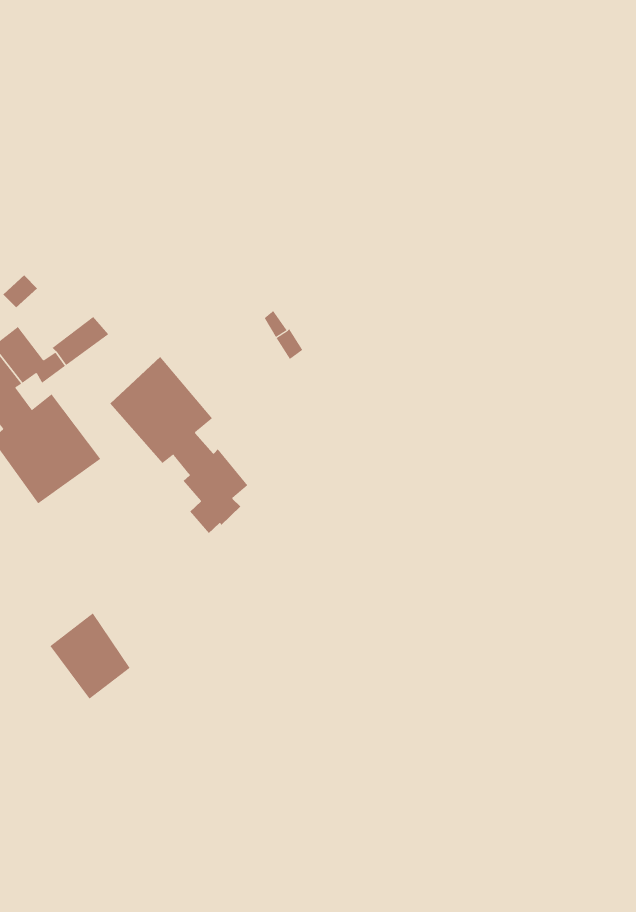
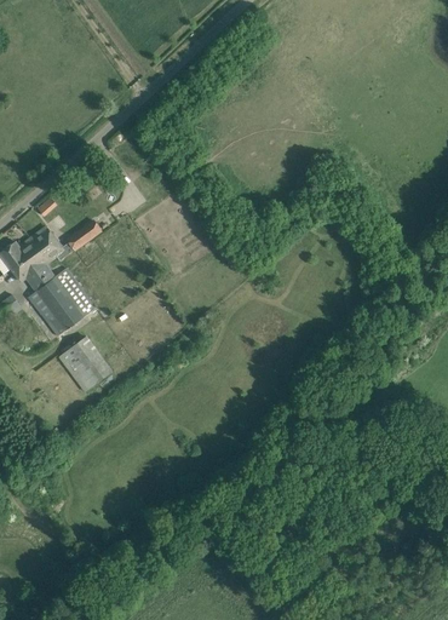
building: [109,356,248,534] -> none
building: [49,613,131,700] -> [59,337,109,390]

